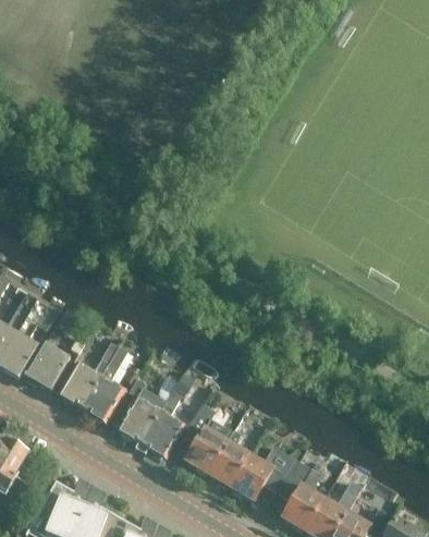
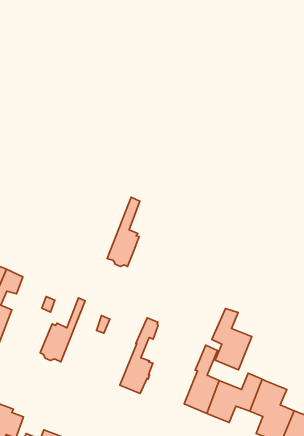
building: [25,342,70,389] -> none
building: [82,345,126,419] -> [107,197,140,266]
building: [120,386,167,442] -> none
building: [184,404,228,473] -> [212,308,252,370]

